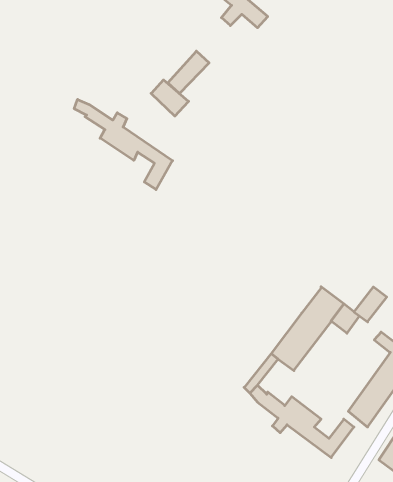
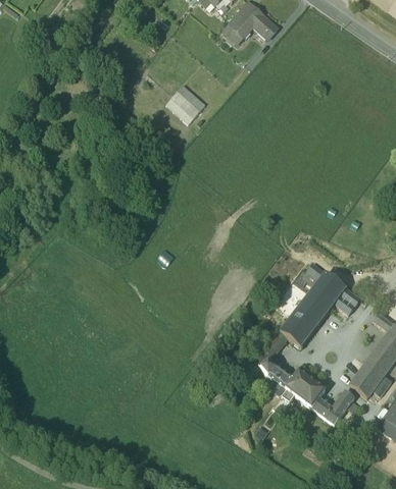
building: [168,51,209,94] -> none
building: [74,99,173,190] -> none
building: [354,287,387,322] -> [295,263,325,294]

